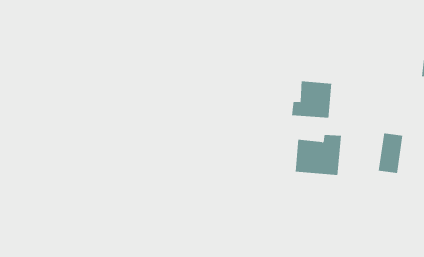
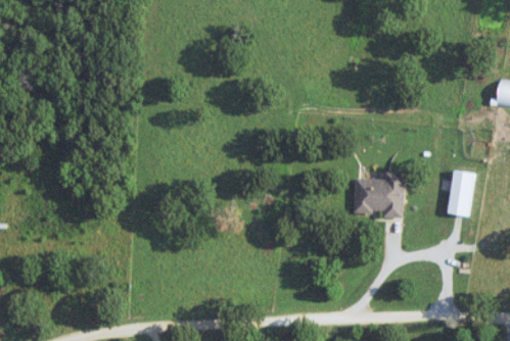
building: [291,81,332,119] -> none

